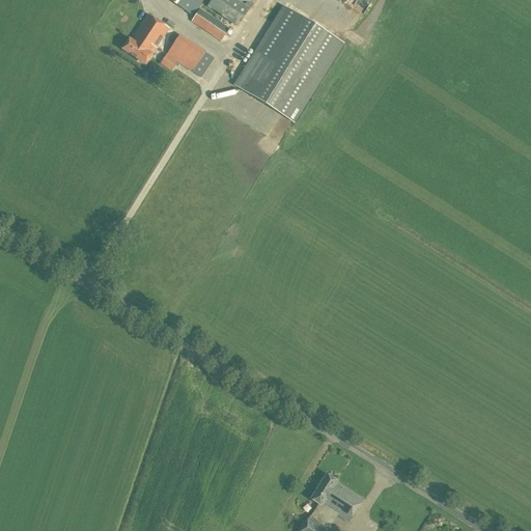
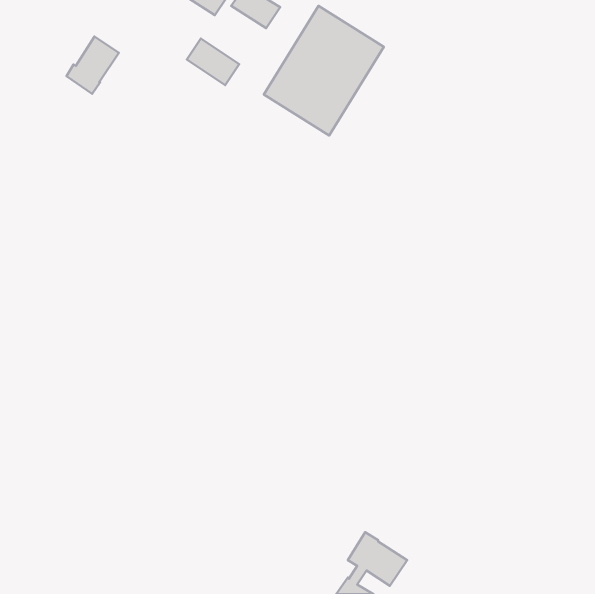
building: [190,7,228,39] -> none
building: [121,12,168,63] -> [66,37,119,94]

